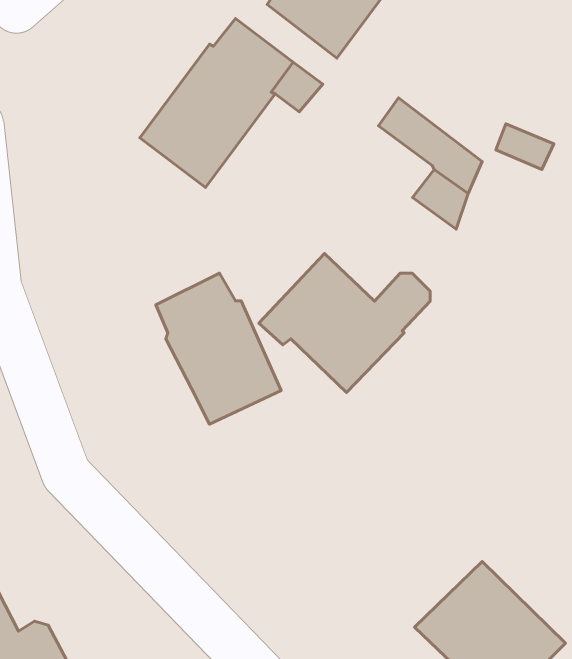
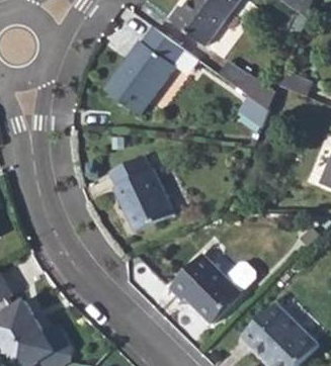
building: [259,253,430,393] -> [168,251,255,322]

